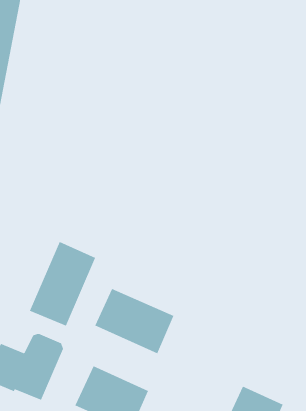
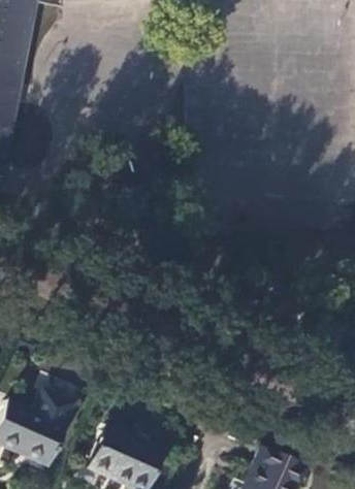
building: [29,241,96,327] -> none
building: [95,288,174,354] -> none

